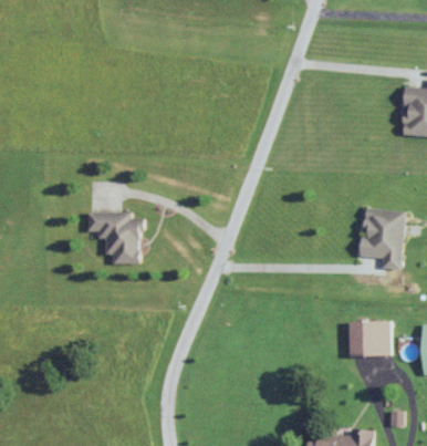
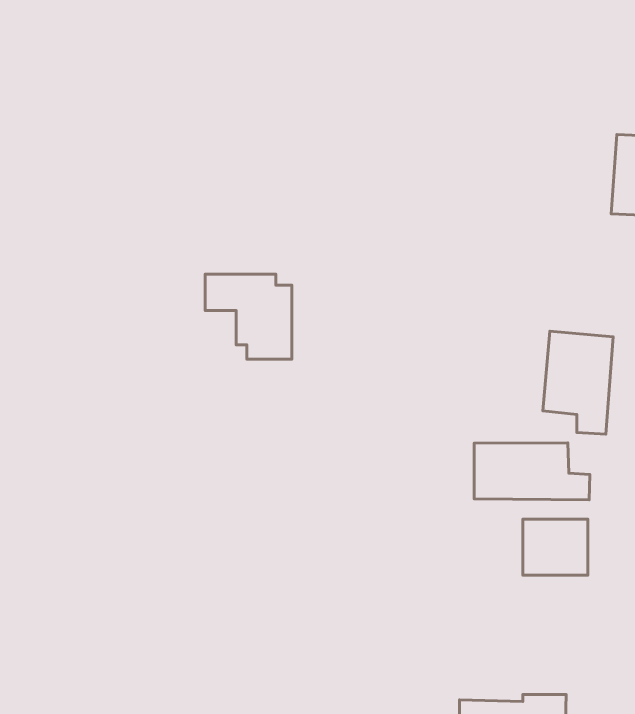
building: [88,211,142,263] -> [205,274,292,359]
building: none -> [474,443,590,500]

